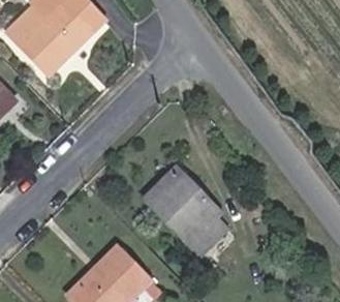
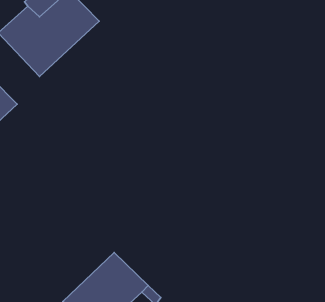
building: [144,165,227,251] -> none

